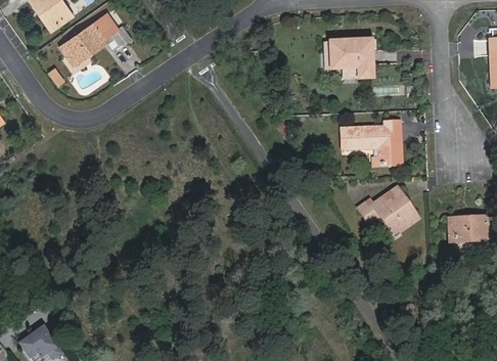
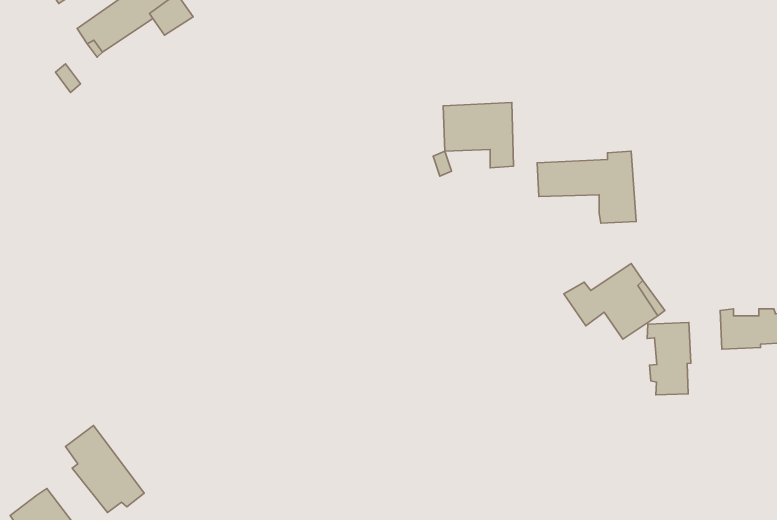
building: [329,39,372,79] -> [443,102,514,168]
building: none -> [647,322,691,395]
building: none -> [65,426,144,512]

